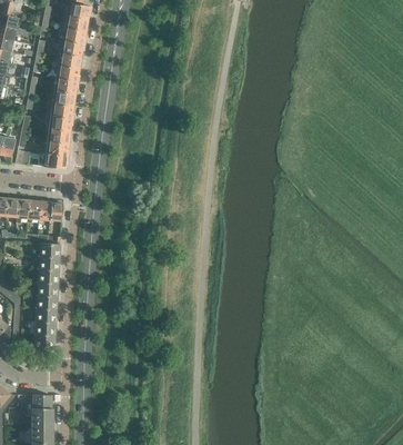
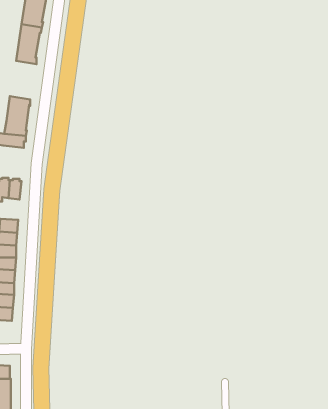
building: [51,79,79,119] -> none

